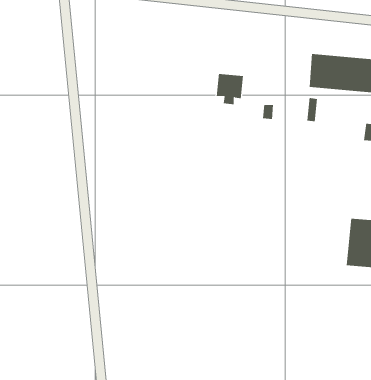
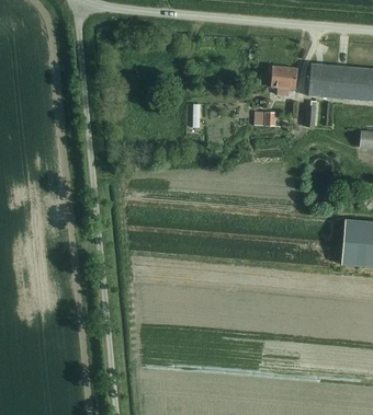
building: [216,73,244,105] -> [270,66,296,95]

